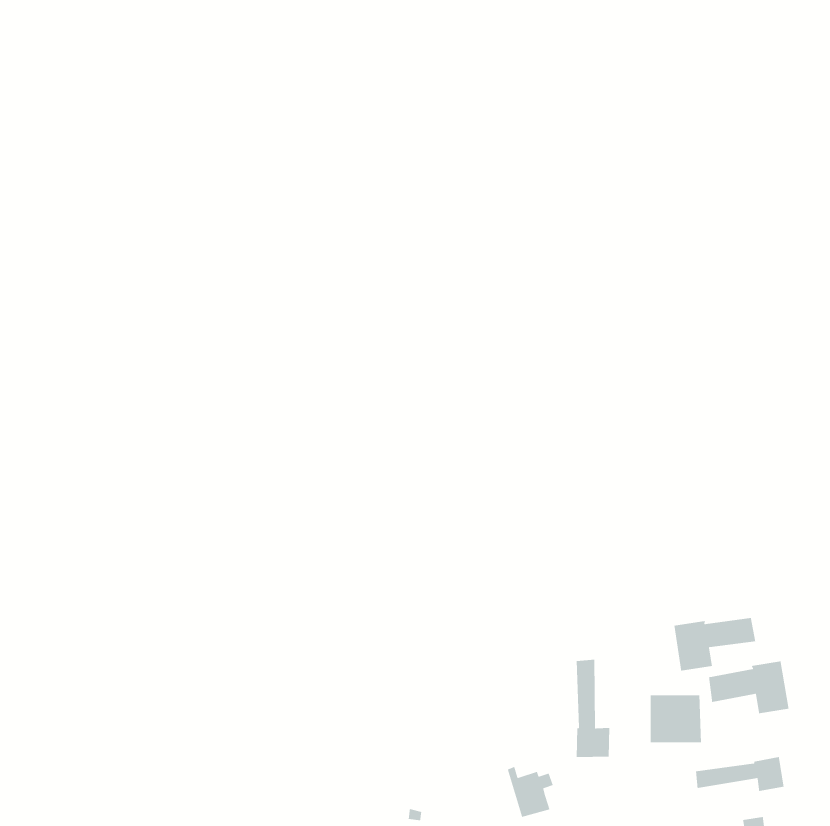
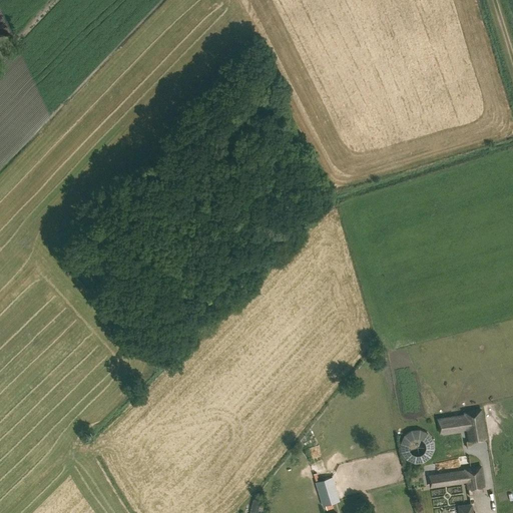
building: [674,617,756,671] -> none
building: [576,659,610,758] -> none

